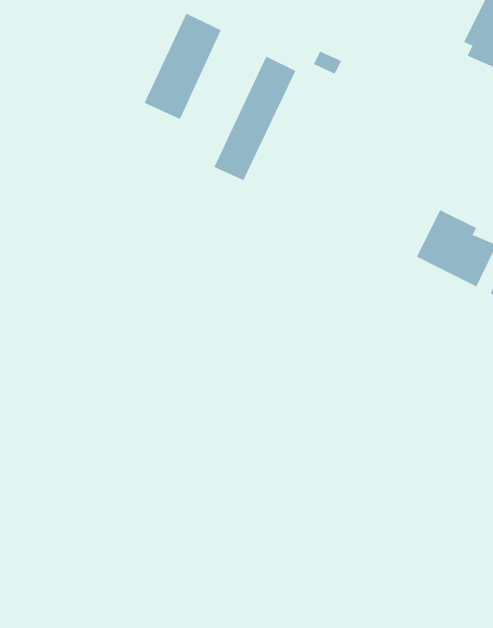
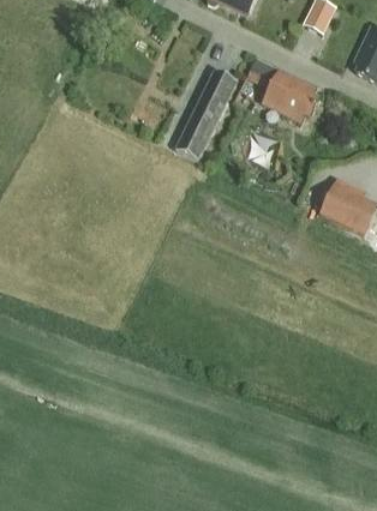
building: [144,13,221,120] -> none
building: none -> [263,68,318,119]

